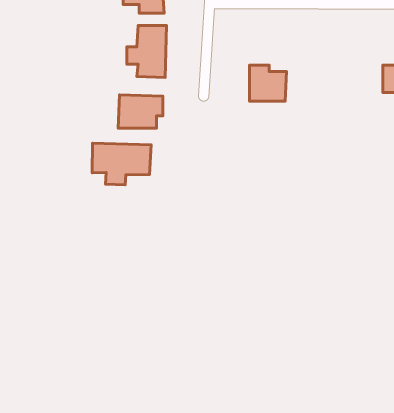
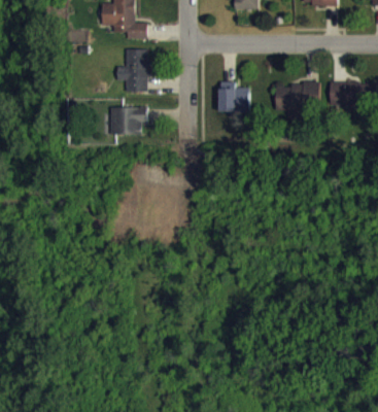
building: none -> [276,83,319,110]
building: [92,143,151,185] -> none

